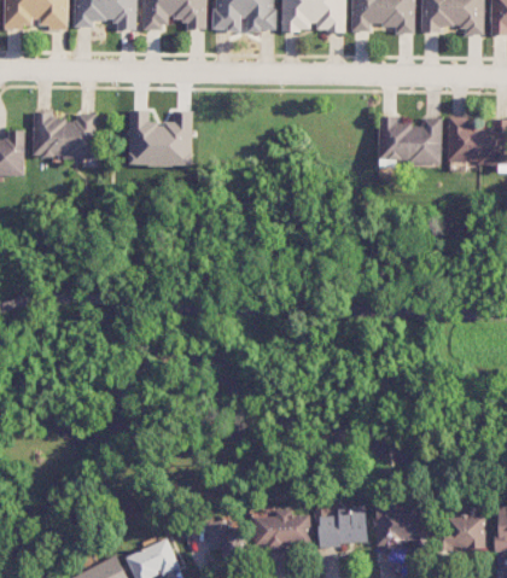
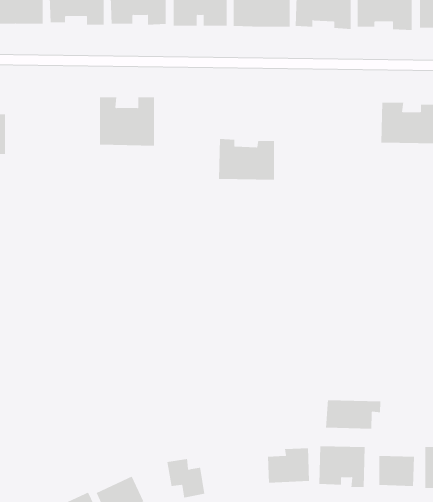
building: [33,110,97,157] -> none
building: [378,115,442,162] -> [218,139,275,180]
building: none -> [325,400,381,430]
building: [253,509,311,547] -> none

